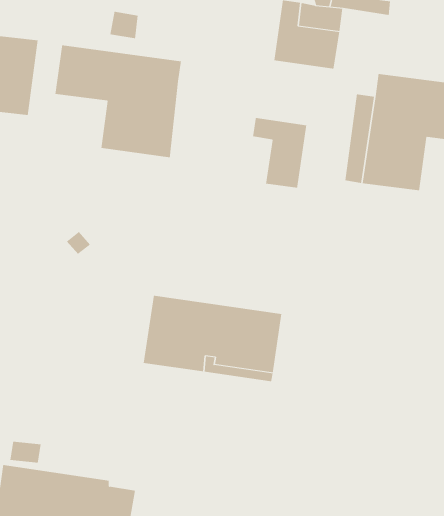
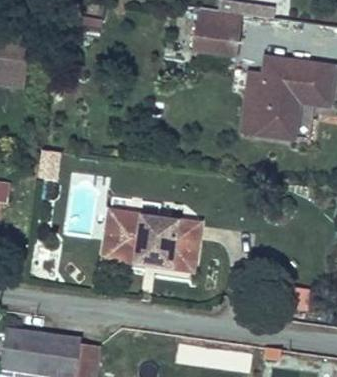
building: [55,45,182,158] -> none
building: [253,117,307,188] -> none

